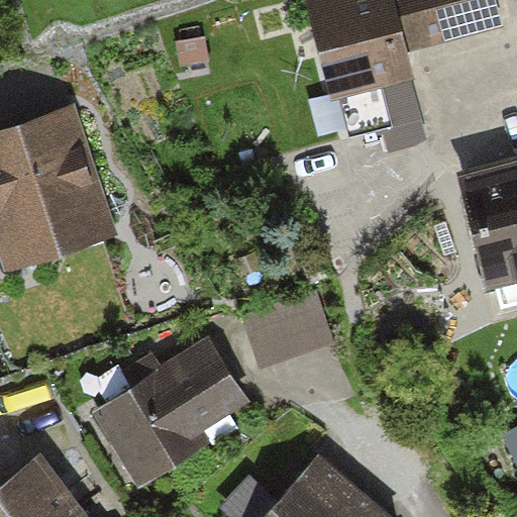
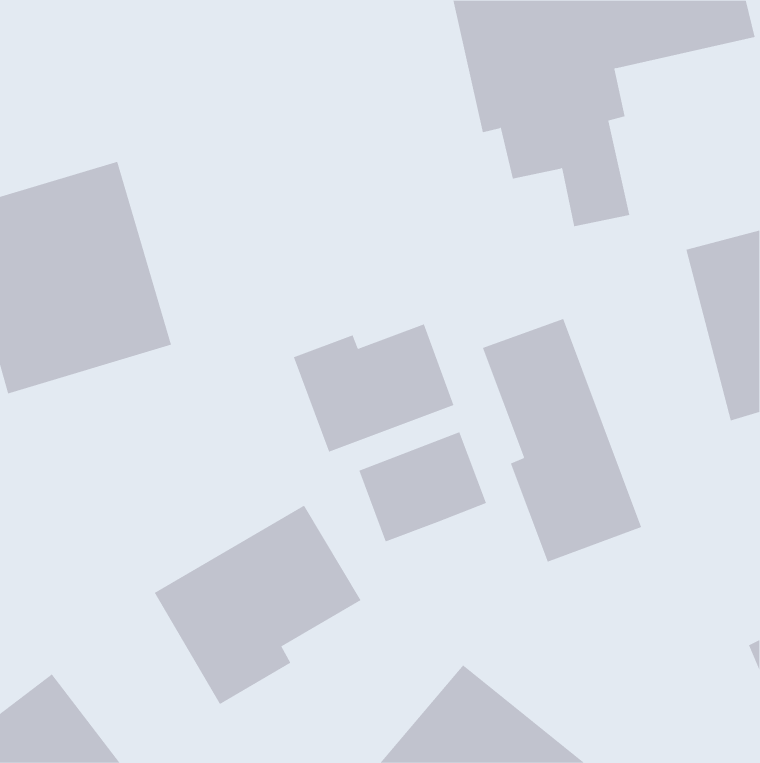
building: none -> [482,318,642,563]
building: none -> [293,323,454,452]

